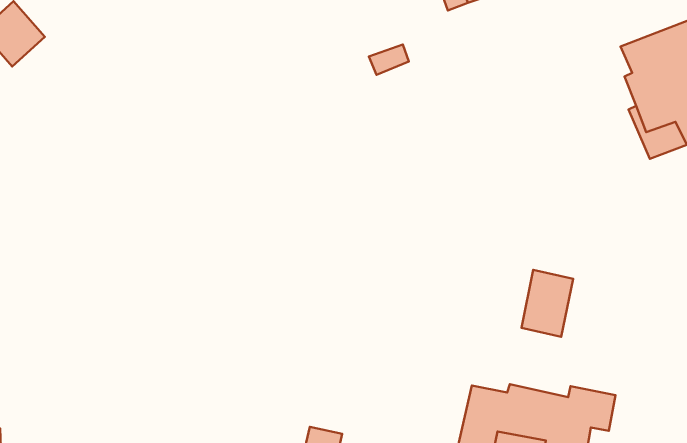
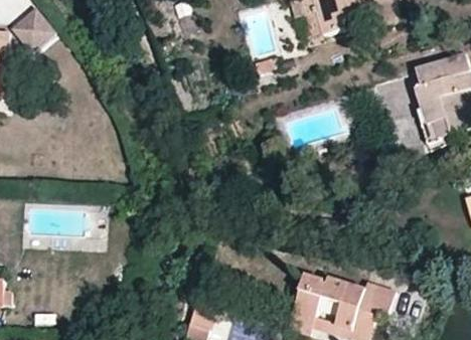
building: [521,270,573,337] -> none

